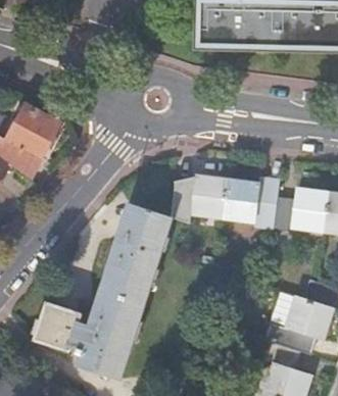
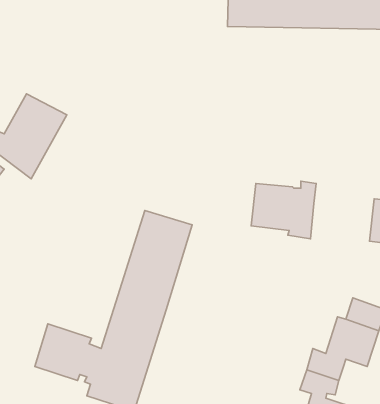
building: [171,177,225,217] -> none
building: [272,190,327,232] -> none

